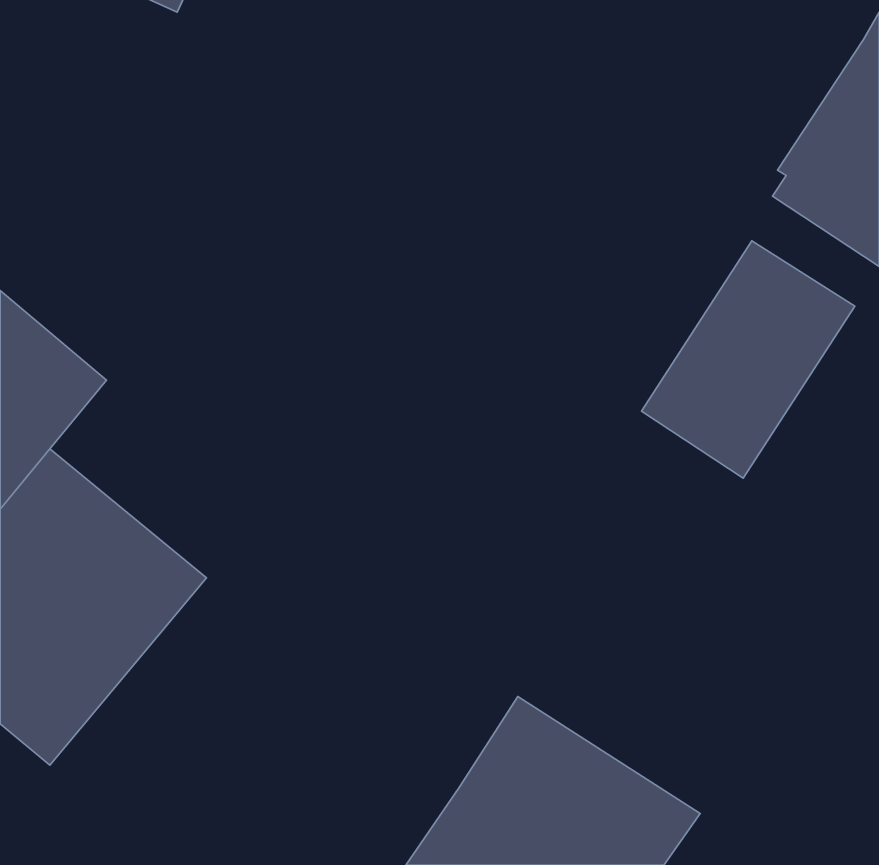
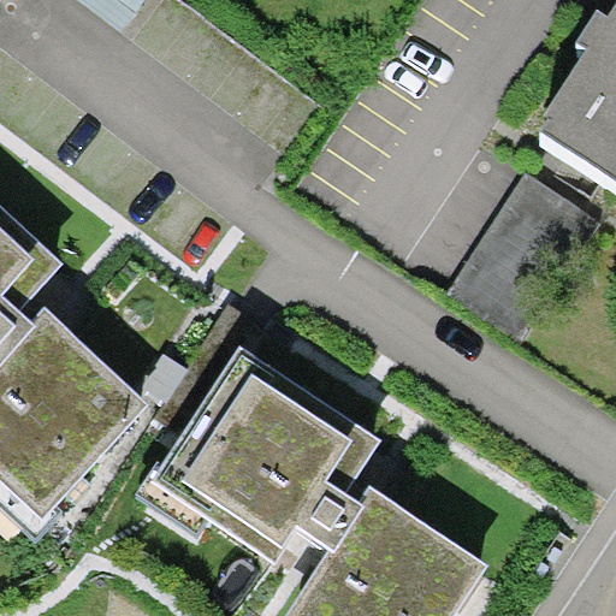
building: none -> [149,346,390,567]

